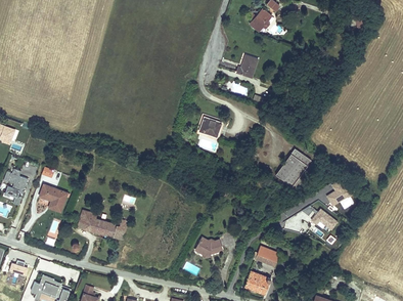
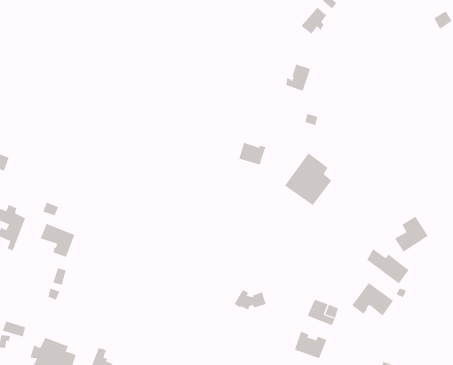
building: [275,147,314,190] -> [284,153,332,206]
building: [78,209,128,239] -> none
building: none -> [352,282,394,316]

